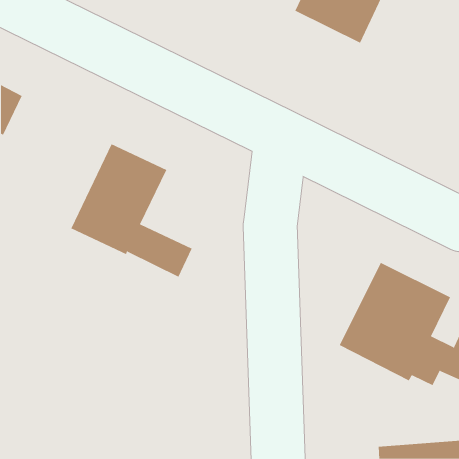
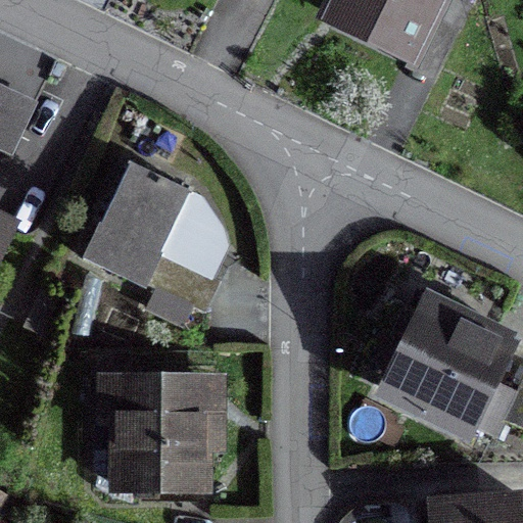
building: none -> [105,378,217,489]

